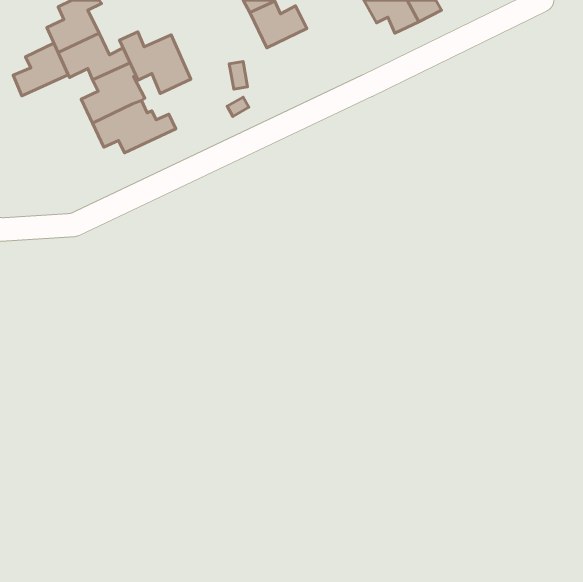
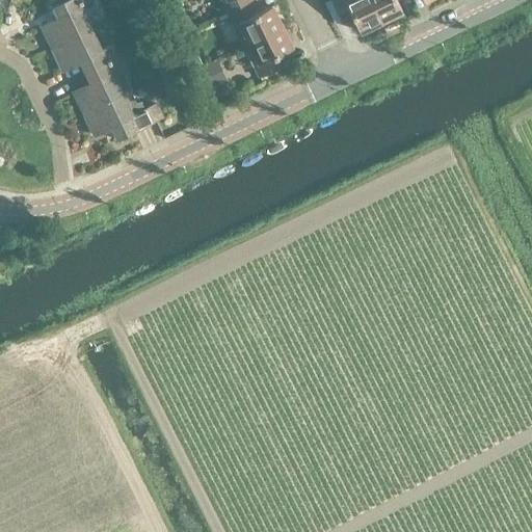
building: none -> [243,27,290,78]
building: [120,32,191,94] -> none
building: [13,43,68,96] -> none

